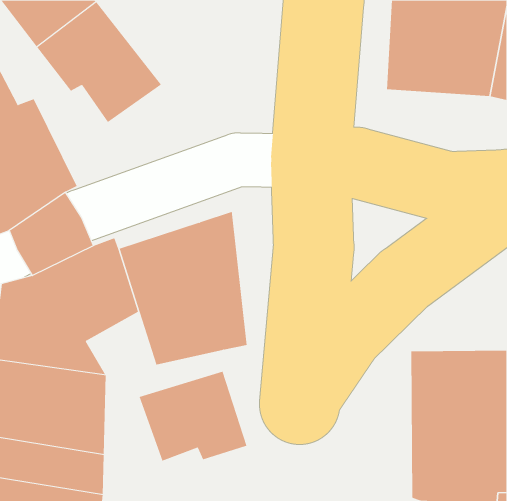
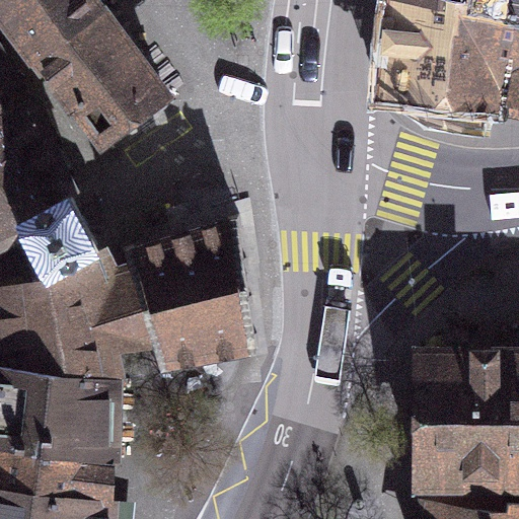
building: [139,371,247,462] -> none

